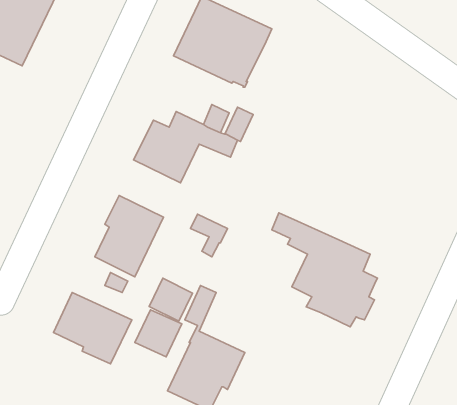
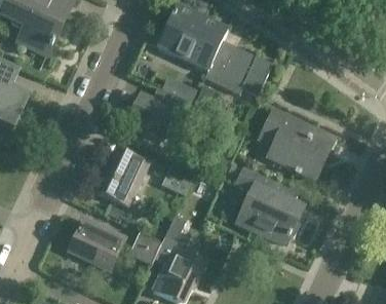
building: none -> [203,39,271,93]
building: none -> [260,108,336,178]
building: [149,278,192,321] -> none

